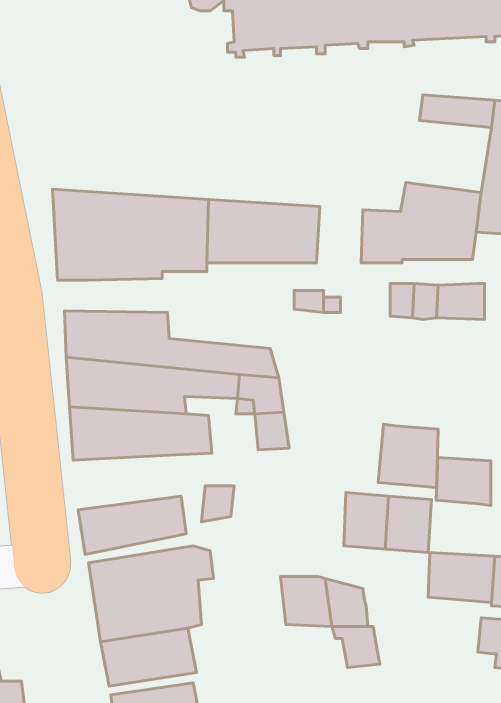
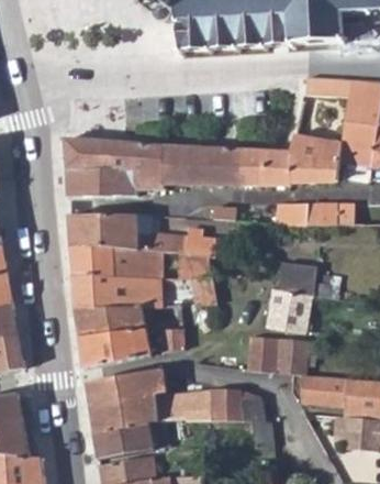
building: none -> [232,150,261,186]
building: none -> [76,309,145,344]
building: [436,457,491,505] -> [282,263,317,294]
building: none -> [156,387,212,418]

